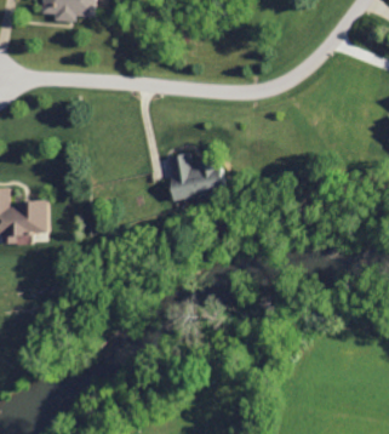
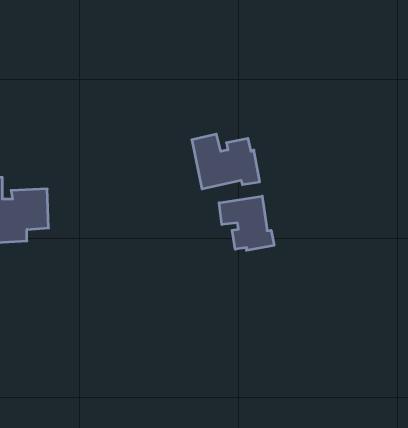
building: none -> [219,196,274,250]

